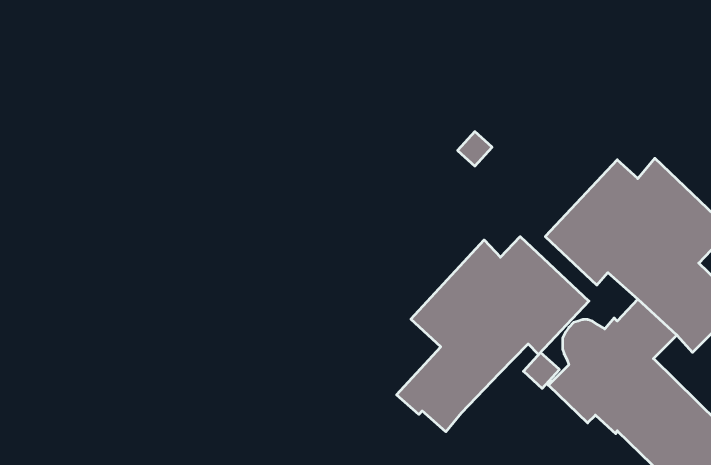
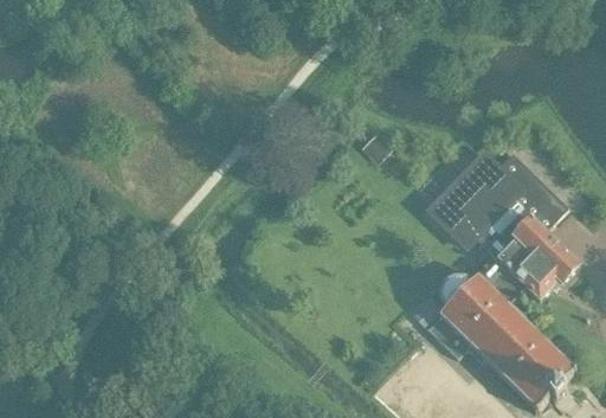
building: [397,237,589,432] -> none

